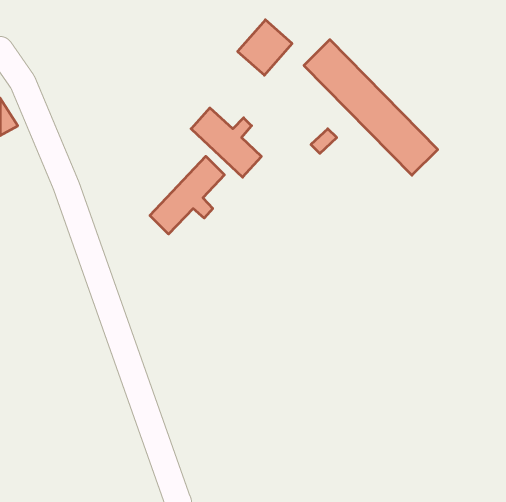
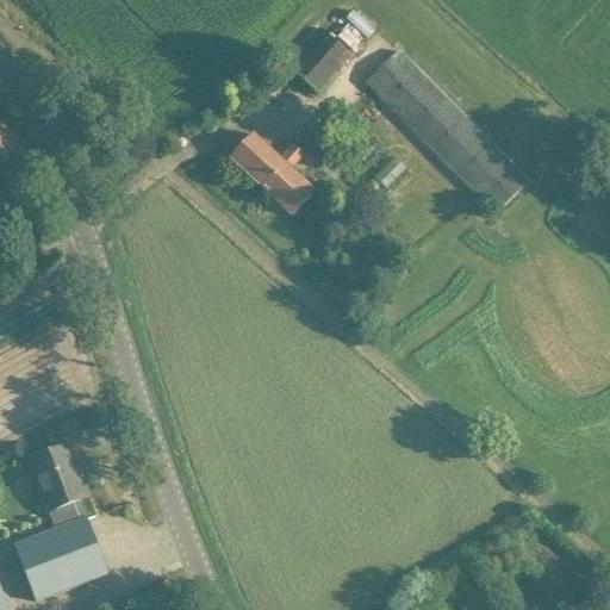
building: [150,156,224,234] -> none
building: none -> [15,444,107,598]

